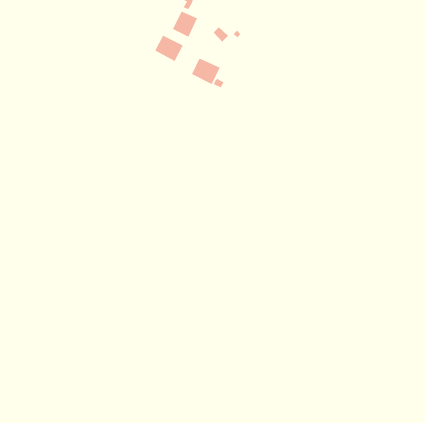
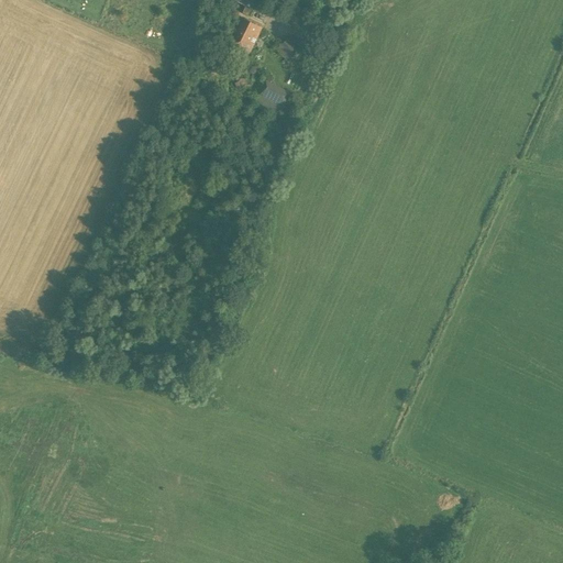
building: [155,35,183,62] -> none

